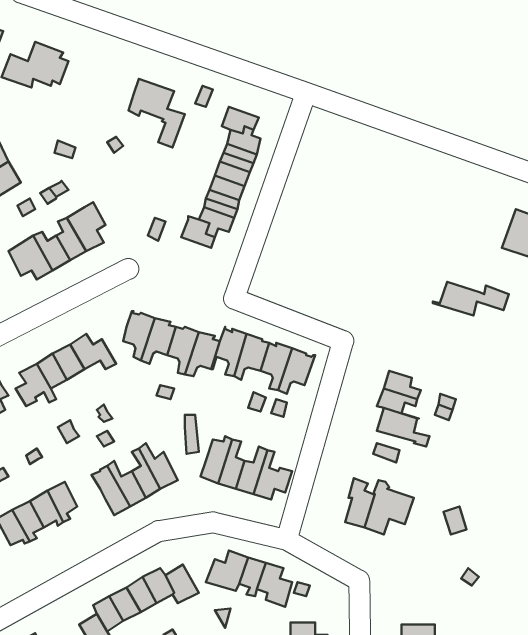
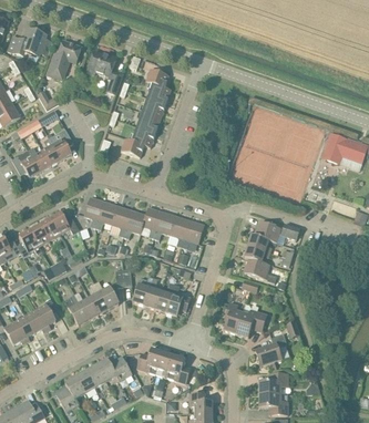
building: none -> [47,40,82,80]
building: [433,282,509,315] -> [252,221,299,243]
building: none -> [255,333,287,365]
building: none -> [259,374,288,394]

